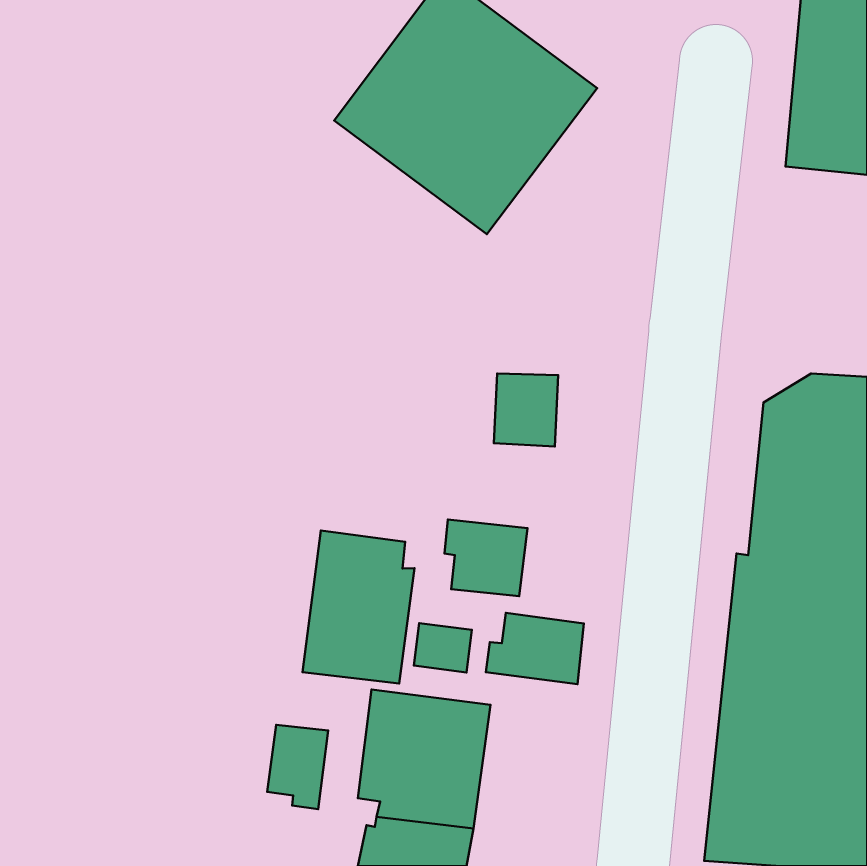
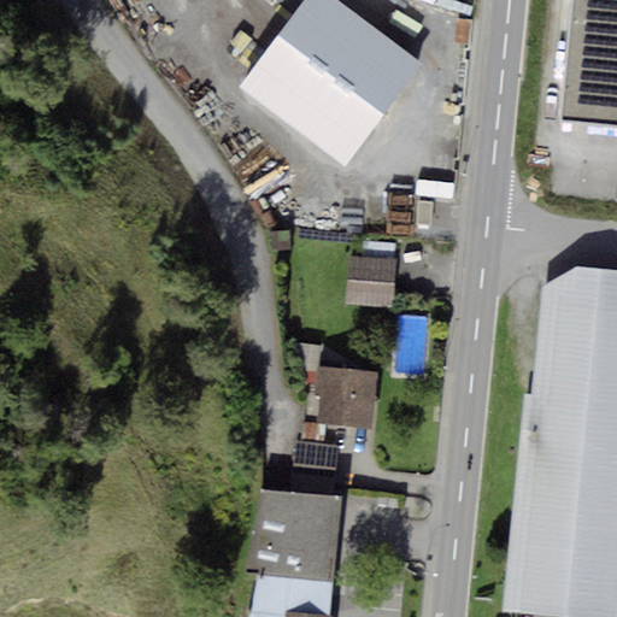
building: [303,531,415,684] -> none
building: [486,613,584,684] -> none
building: [267,725,328,809] -> none

